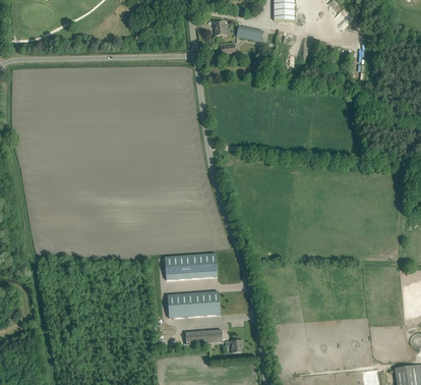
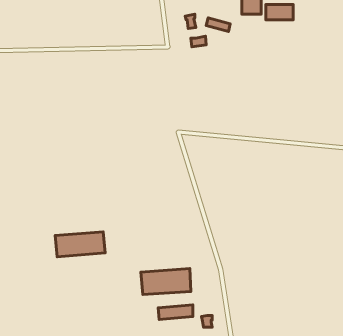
building: none -> [266,4,293,20]
building: [165,254,218,280] -> [55,232,105,257]

